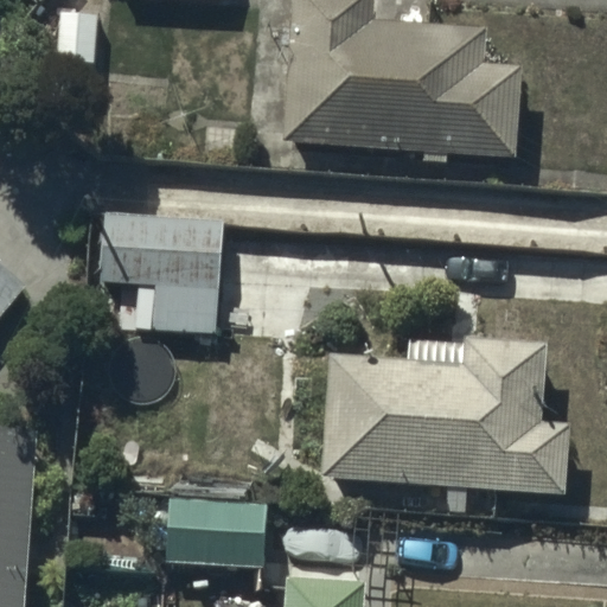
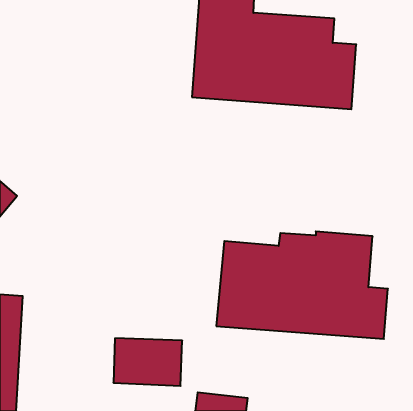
building: [100,211,222,332] -> none

